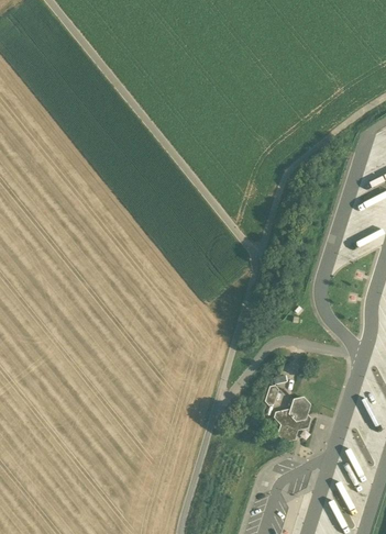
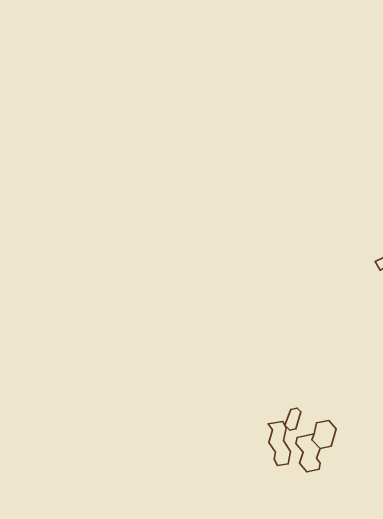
building: none -> [268,422,291,466]

